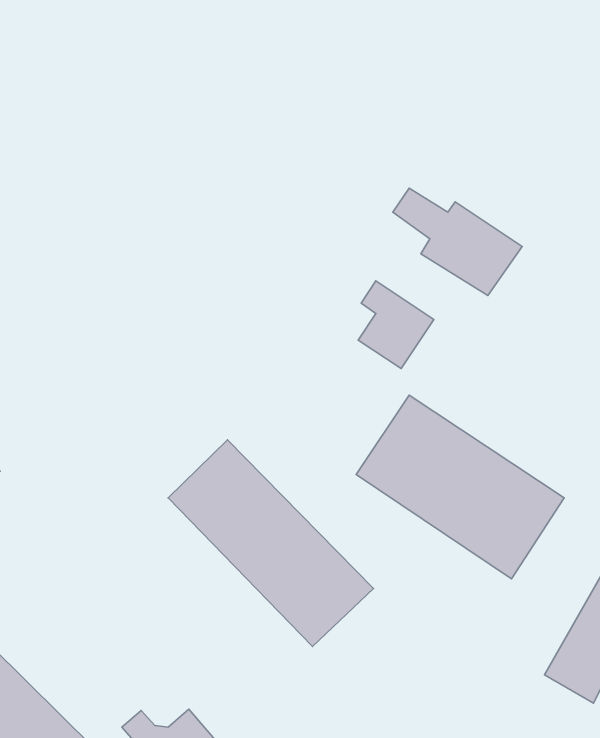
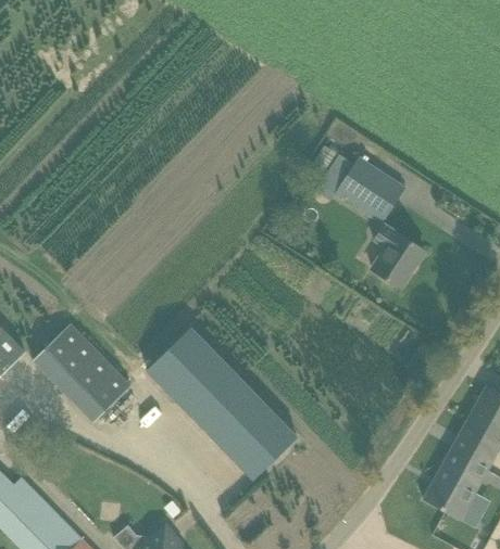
building: [358,281,434,368] -> [368,224,424,288]
building: [356,395,564,579] -> none
building: none -> [30,321,130,421]

